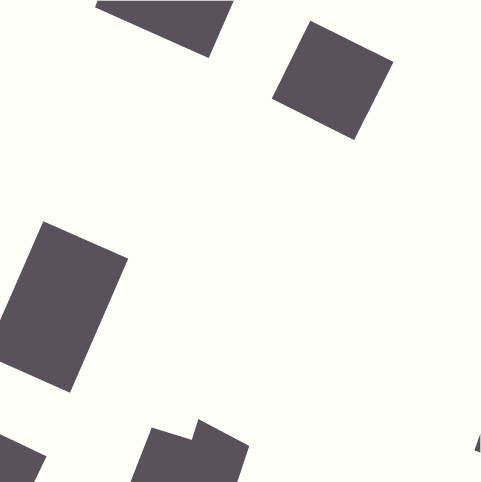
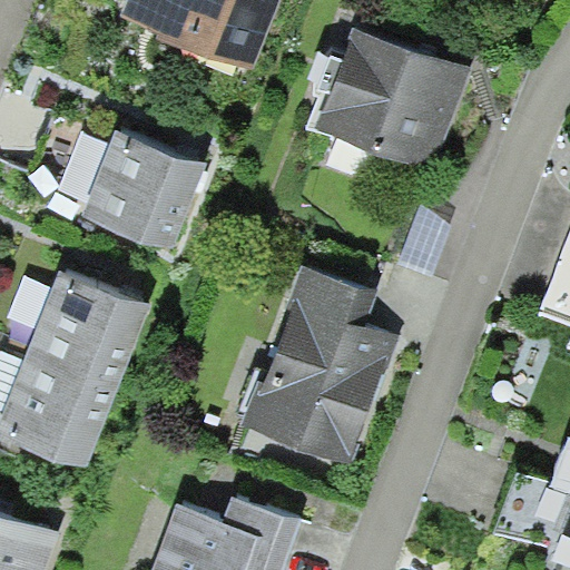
building: none -> [80,128,200,247]
building: none -> [243,266,395,463]

